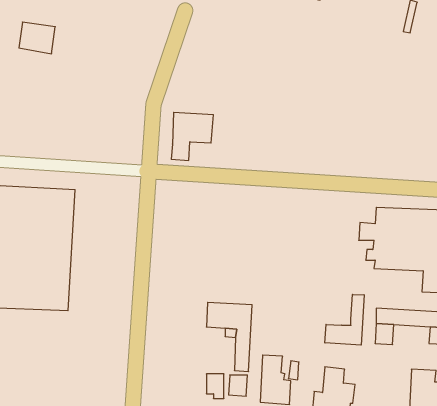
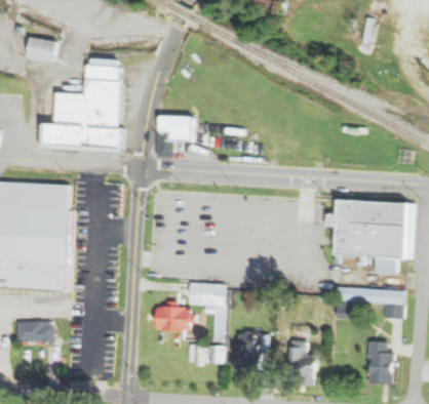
building: none -> [37,58,125,155]
building: [325,294,364,345] -> none
building: none -> [152,301,196,331]
building: none -> [15,321,53,345]

